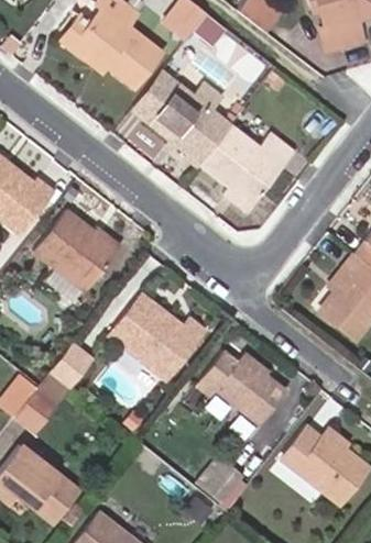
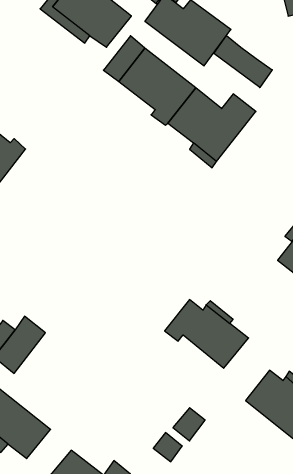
building: none -> [214,36,272,88]
building: [36,210,120,291] -> none
building: [110,290,205,376] -> none
building: [50,340,95,387] -> none

